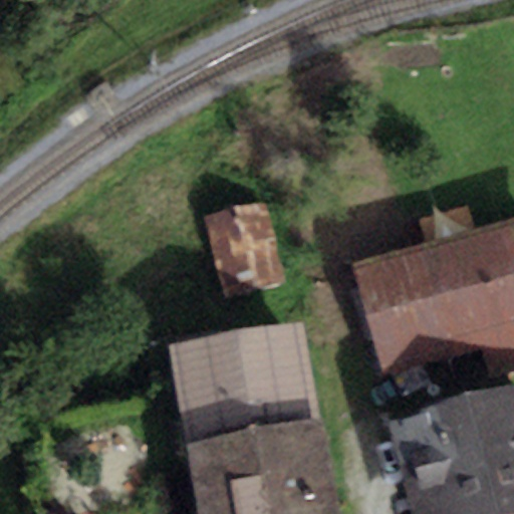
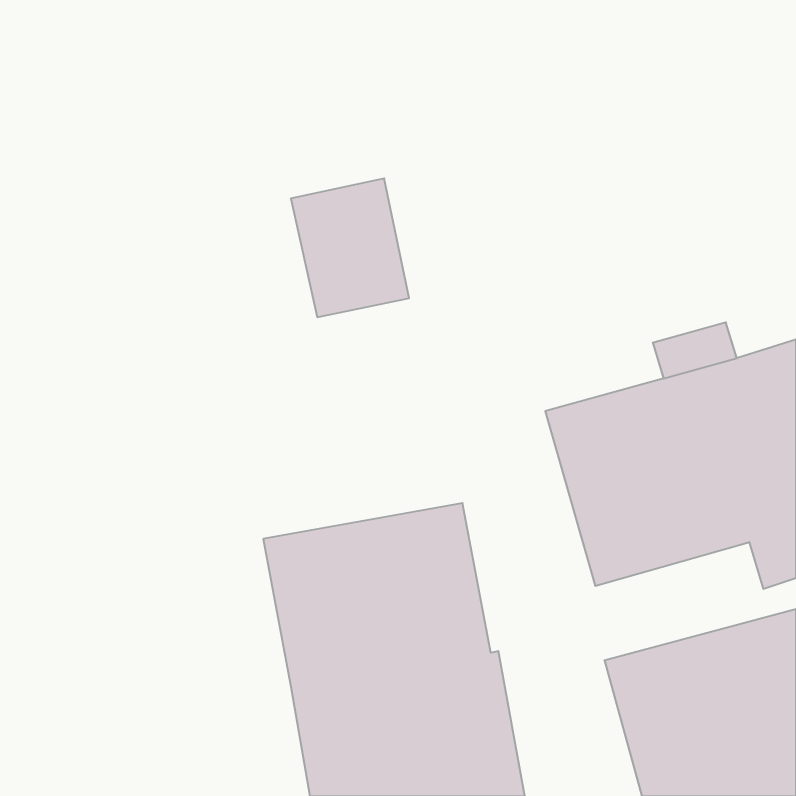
building: [206,206,282,295] -> [291,178,409,317]

